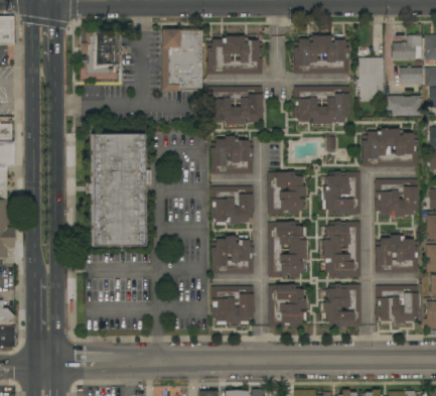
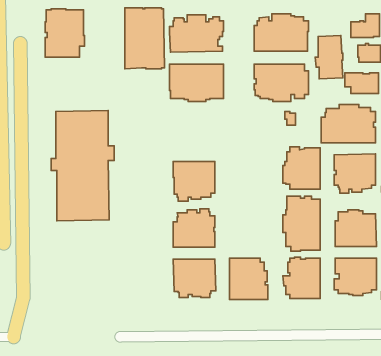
building: [210,136,254,174] -> none
building: [268,172,306,215] -> none
building: [269,222,308,278] -> none

